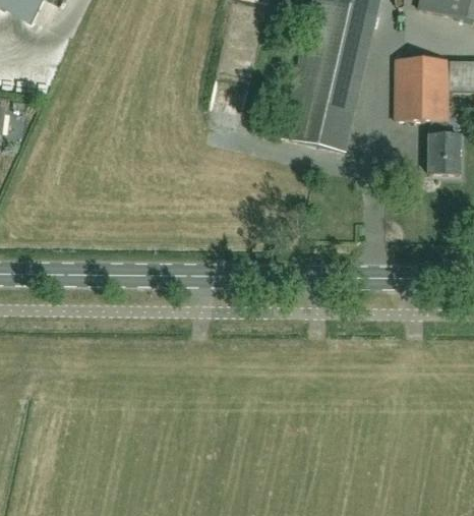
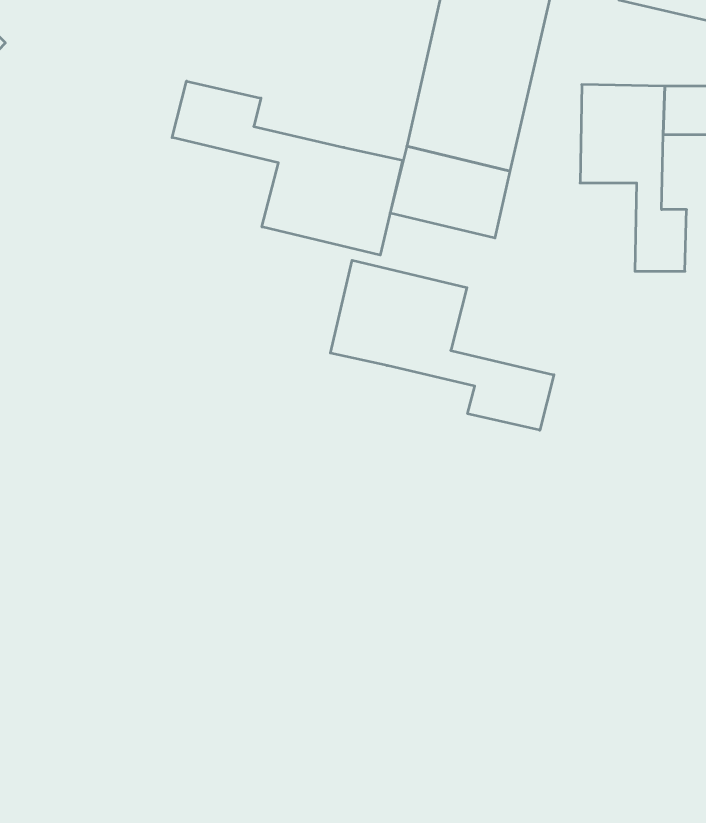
building: none -> [172,81,402,255]
building: none -> [330,260,554,430]

